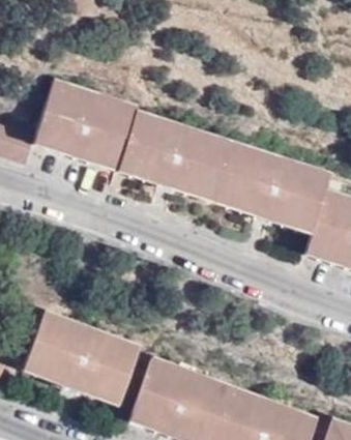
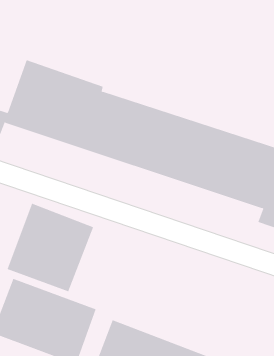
building: none -> [7,203,94,292]

